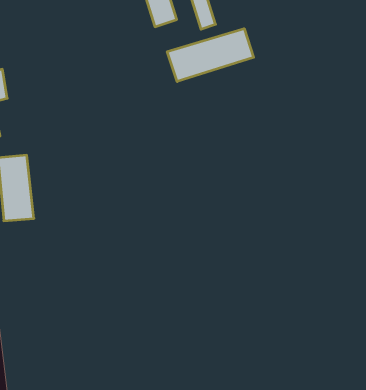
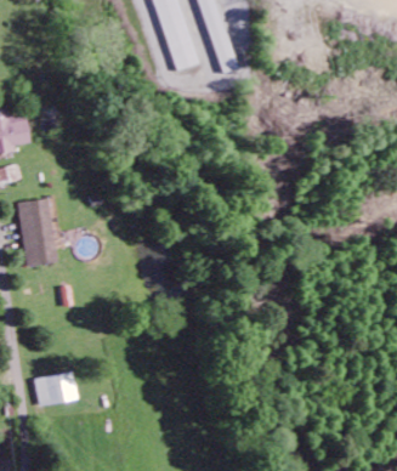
building: [167,29,254,82] -> none
building: none -> [33,371,74,405]

